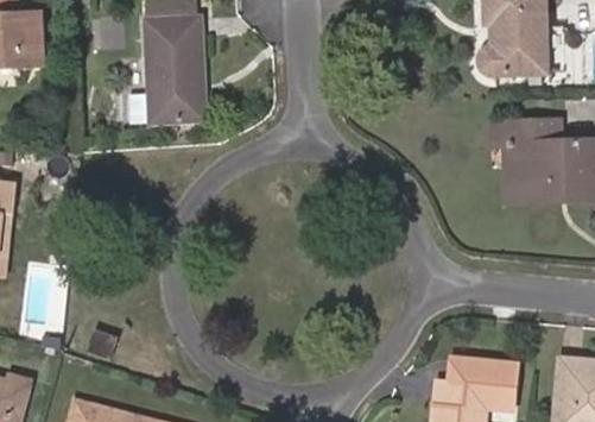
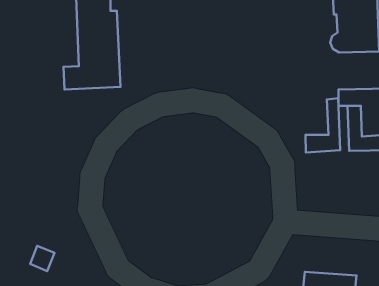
building: none -> [305,98,340,153]

